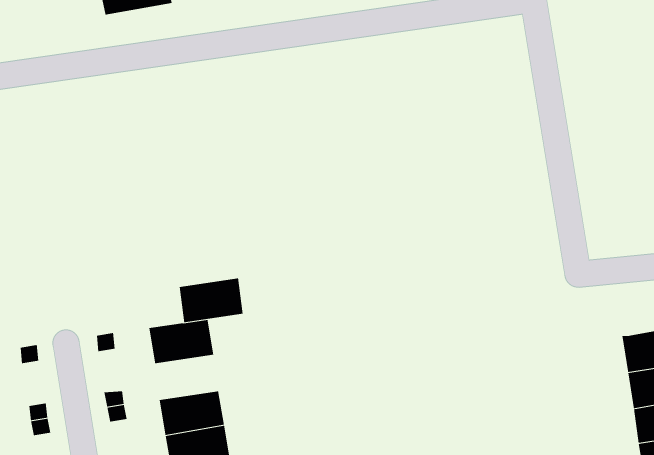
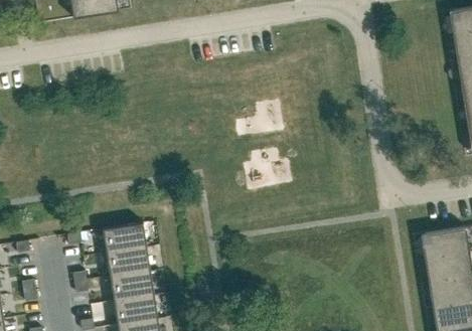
building: [179,278,243,323] -> [107,246,150,277]

